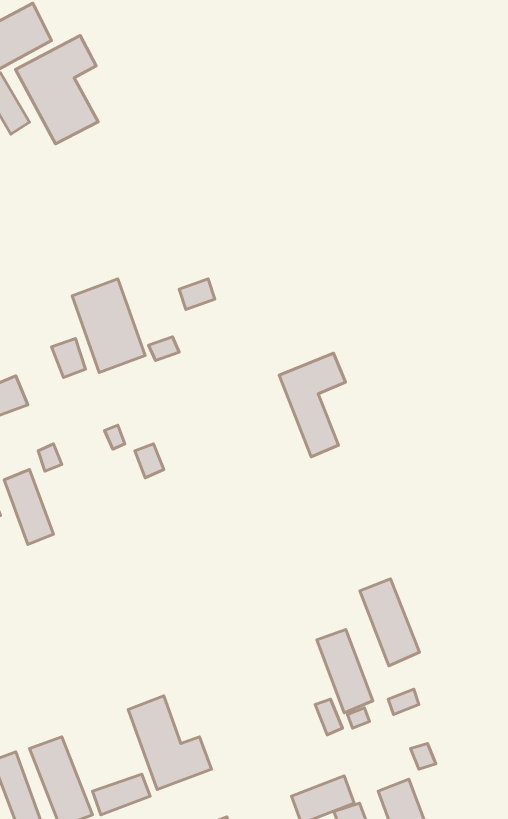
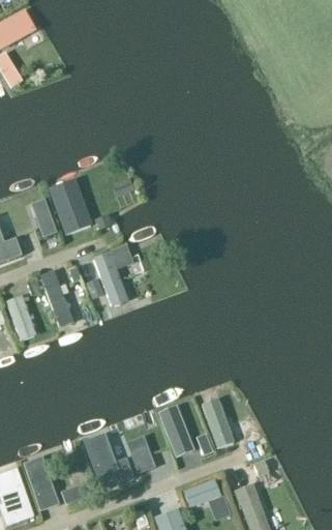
building: [16,36,98,144] -> none
building: [279,353,345,457] -> [92,244,132,307]
building: none -> [39,269,72,327]
building: [360,579,419,666] -> [157,405,193,458]
building: none -> [126,435,155,473]

